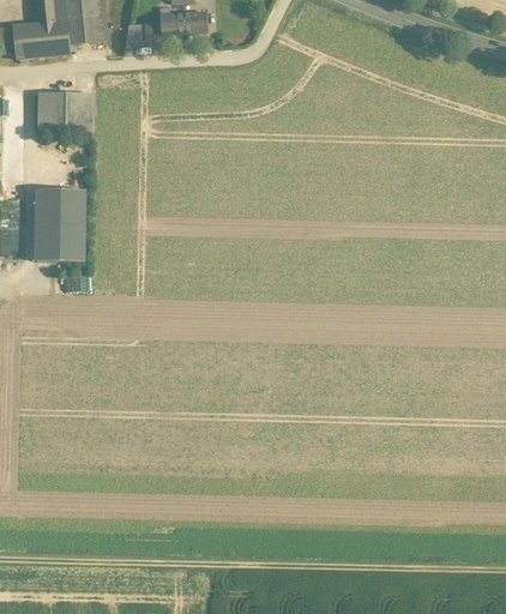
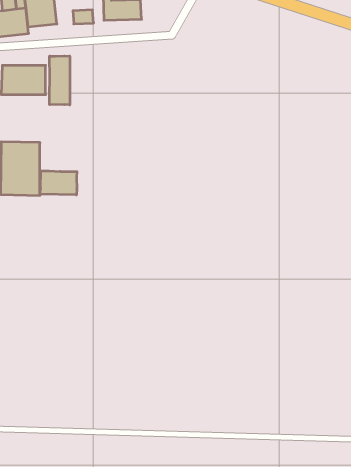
building: none -> [49,56,70,105]
building: none -> [40,171,77,195]

